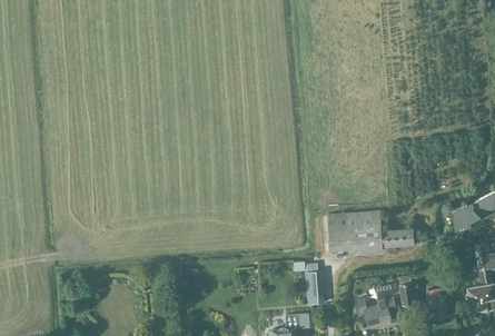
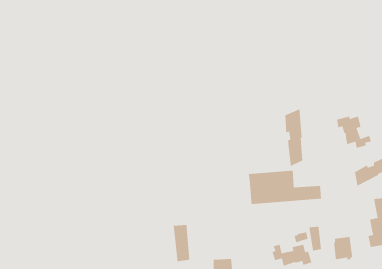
building: none -> [285,108,303,167]
building: none -> [336,115,372,149]
building: [304,261,324,306] -> [173,224,190,262]

